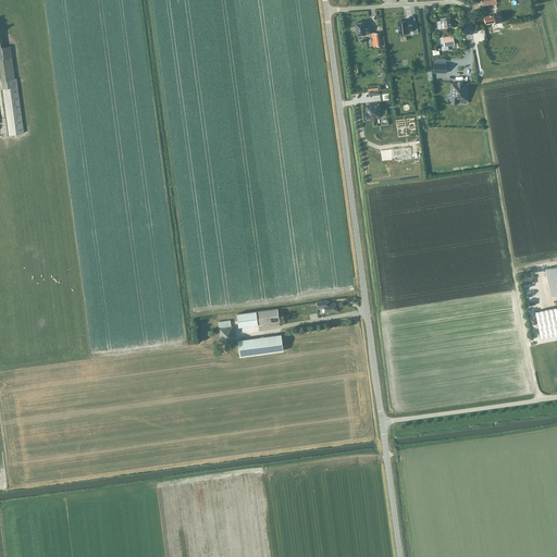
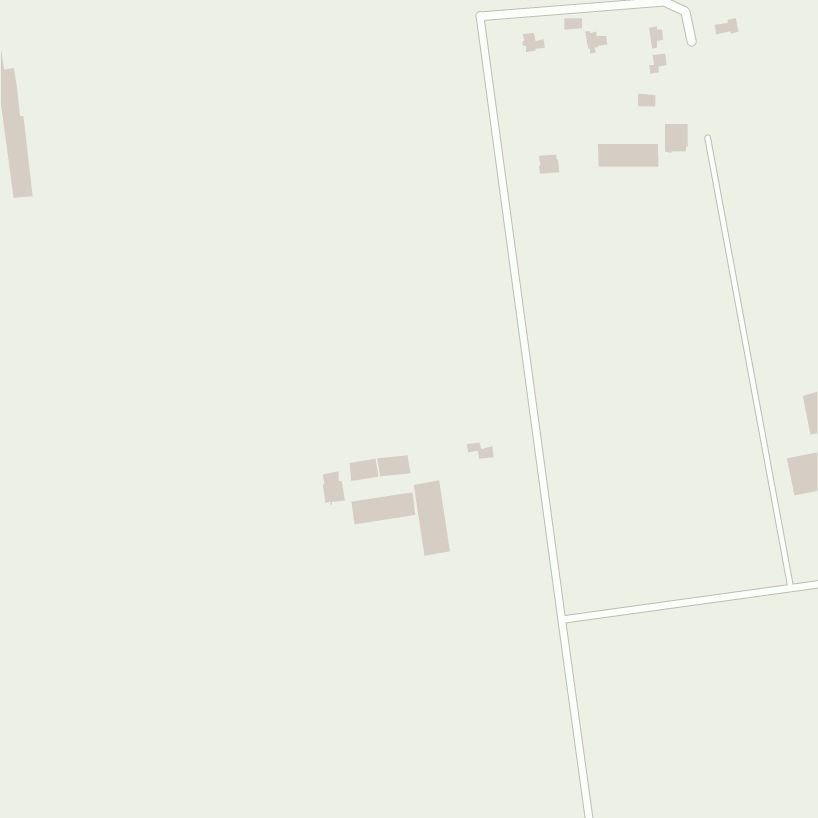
building: none -> [597,143,659,167]
building: none -> [413,480,451,556]

